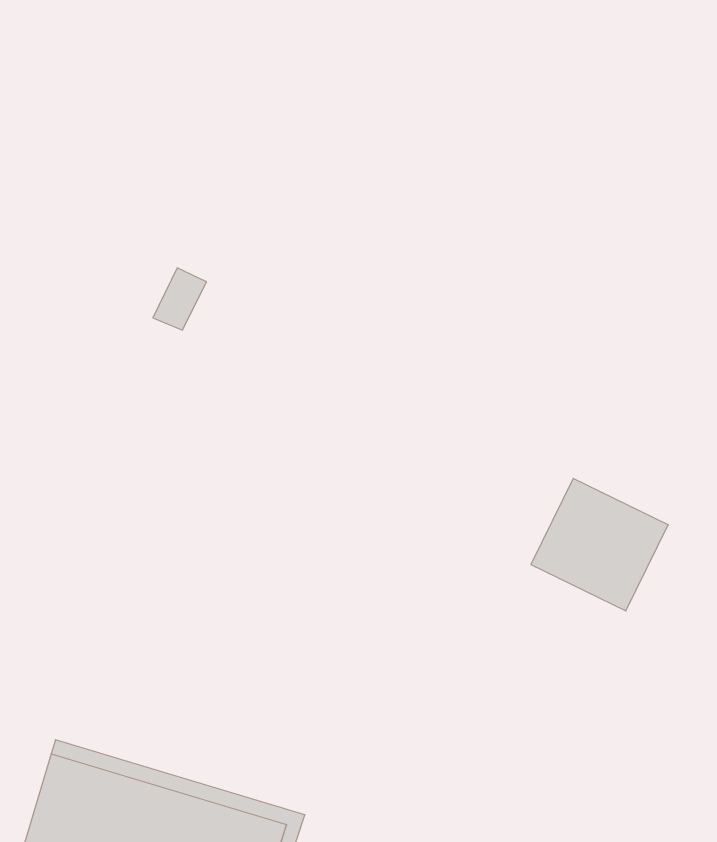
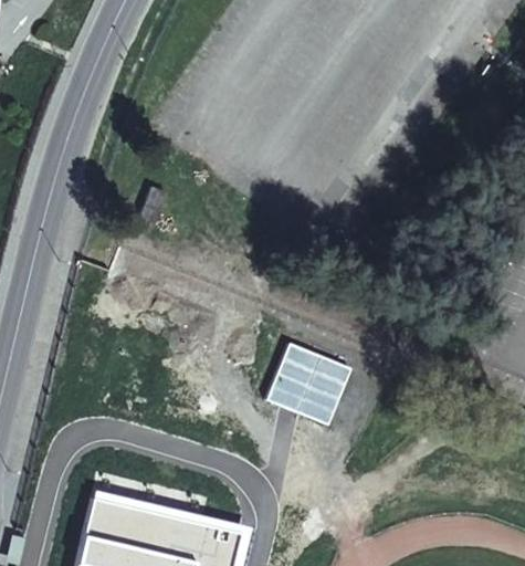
building: [531,478,668,611] -> [266,346,350,427]

